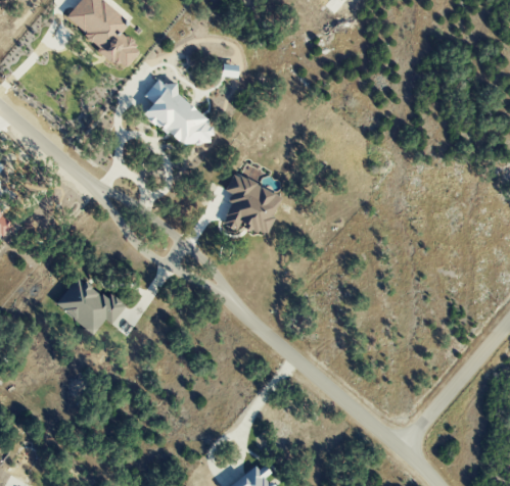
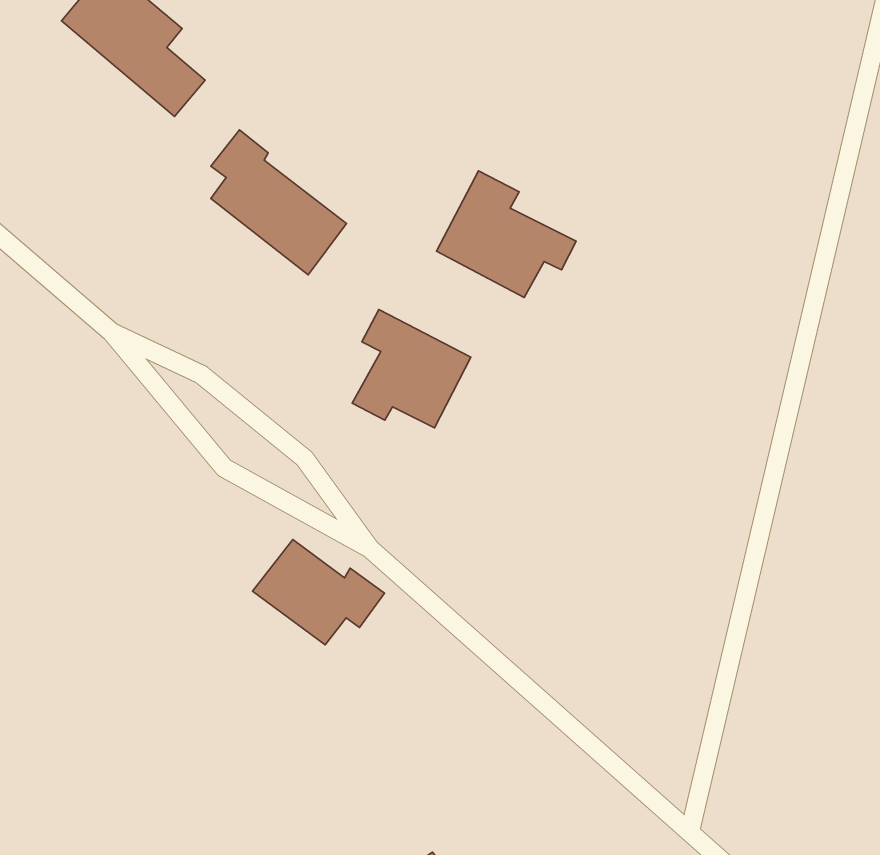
building: none -> [436,171,576,298]
building: [55,277,126,333] -> [253,540,384,645]

